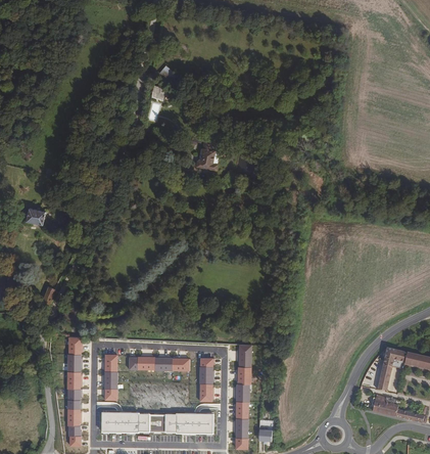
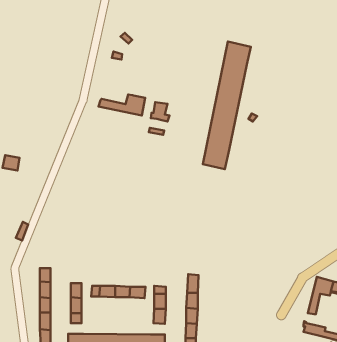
building: none -> [203,42,251,169]
building: none -> [99,94,145,116]

